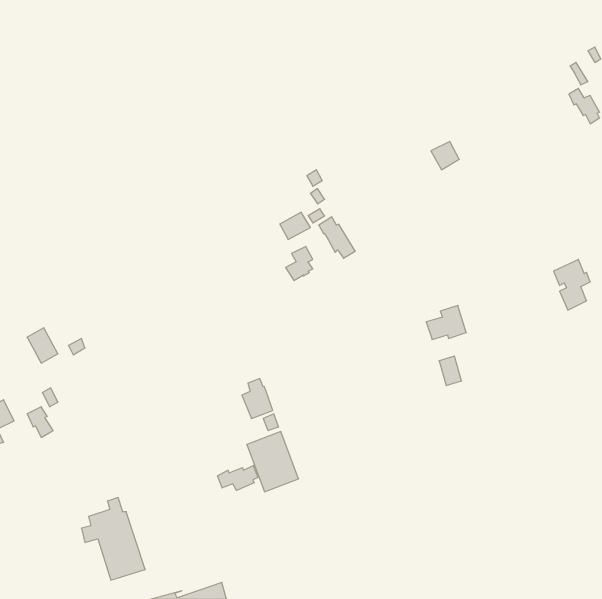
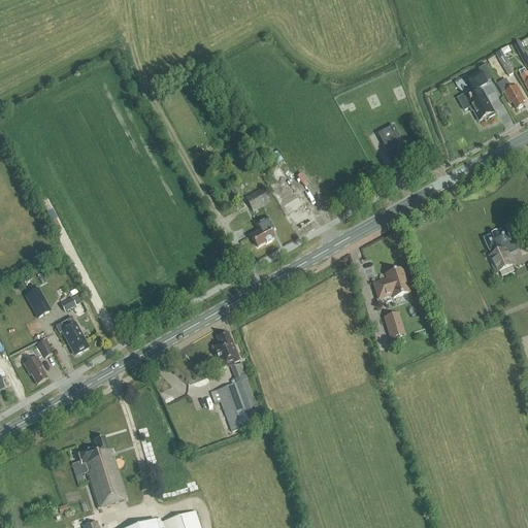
building: none -> [457,69,496,120]
building: none -> [55,315,88,354]
building: [218,465,258,490] -> none

